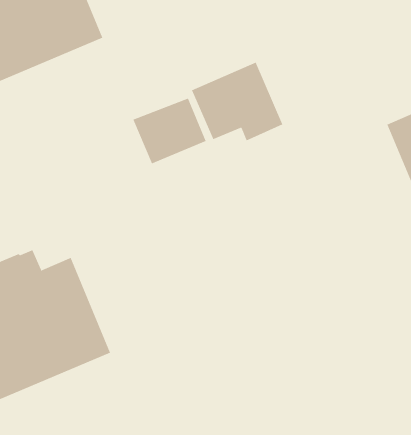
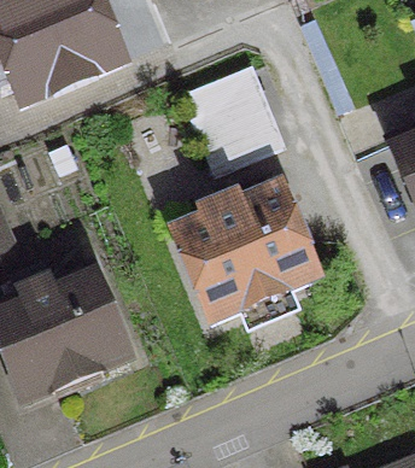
building: none -> [171,182,315,318]

